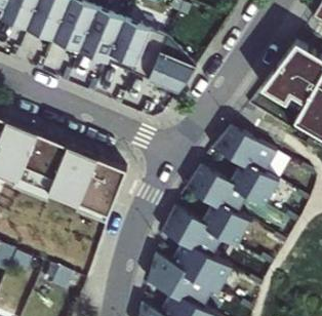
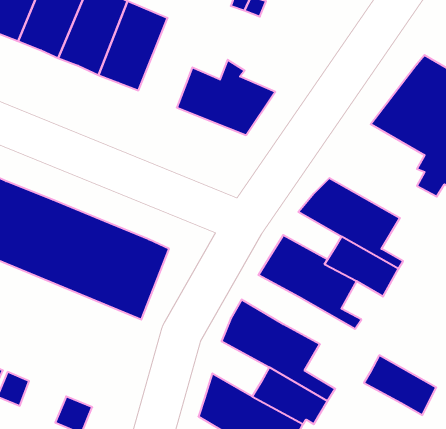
building: [106,17,168,77] -> none
building: [202,203,250,243] -> [364,355,436,415]

